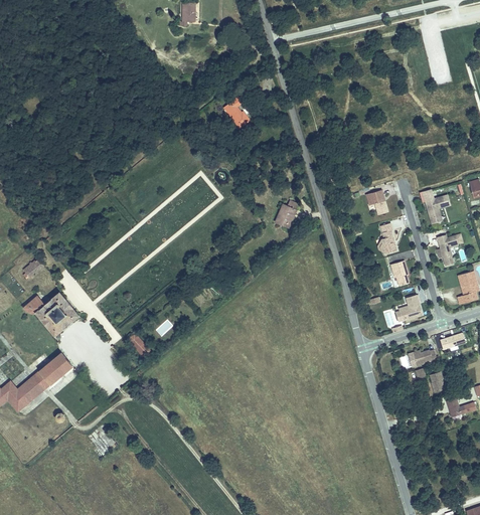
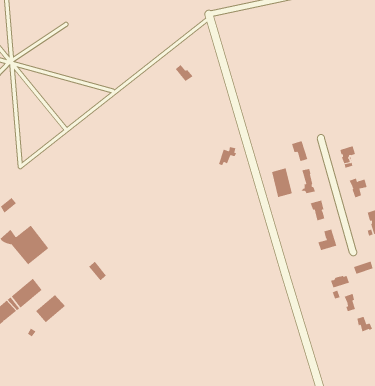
building: none -> [271,167,292,198]
building: none -> [35,294,66,323]

